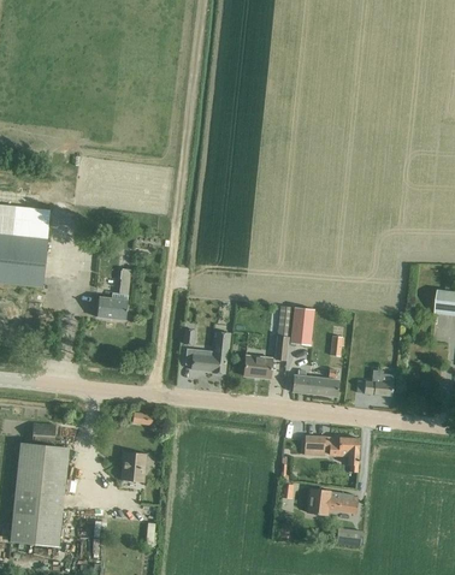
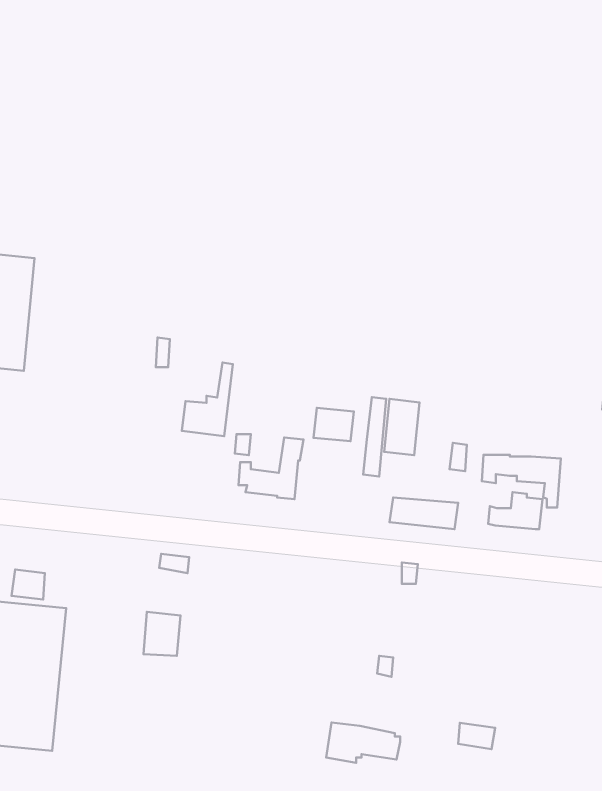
building: [94,269,129,320] -> [182,362,233,436]
building: [241,355,268,378] -> [313,408,354,441]
building: [306,437,360,473] -> [482,455,561,508]
building: [307,488,358,516] -> [326,722,400,763]

